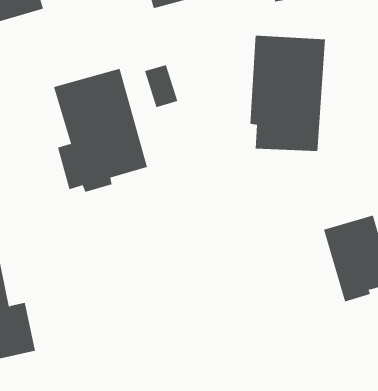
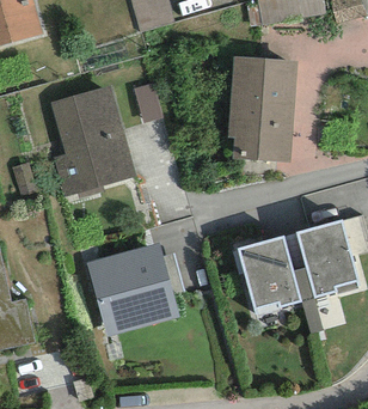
building: none -> [238,236,302,309]
building: none -> [86,242,179,336]

